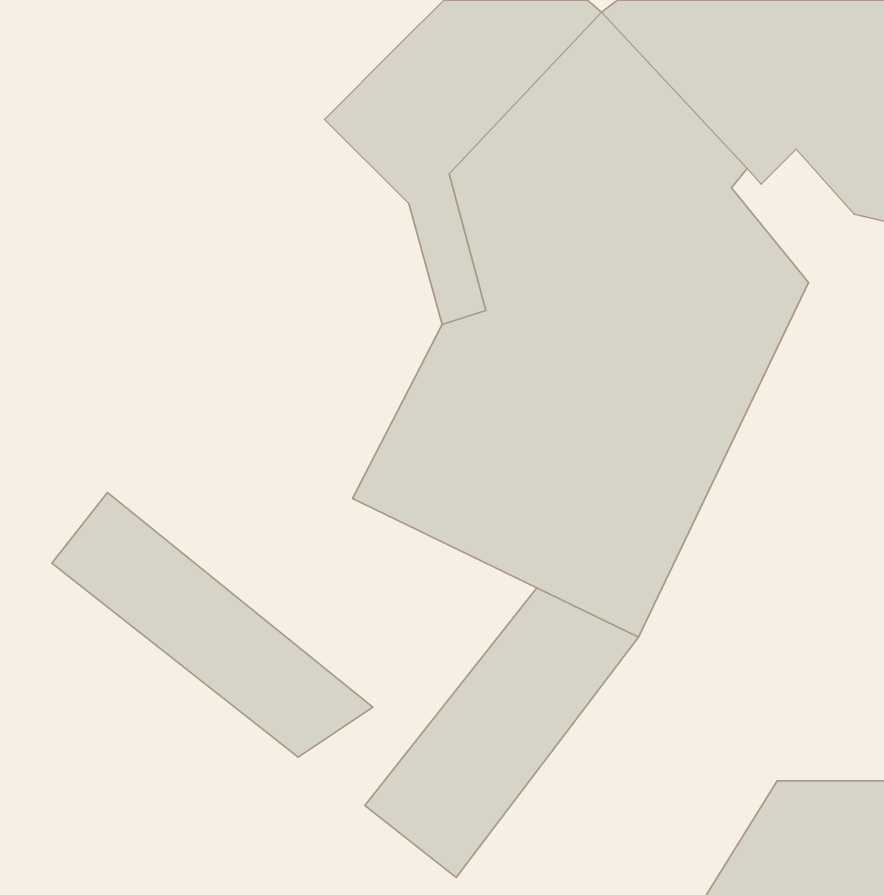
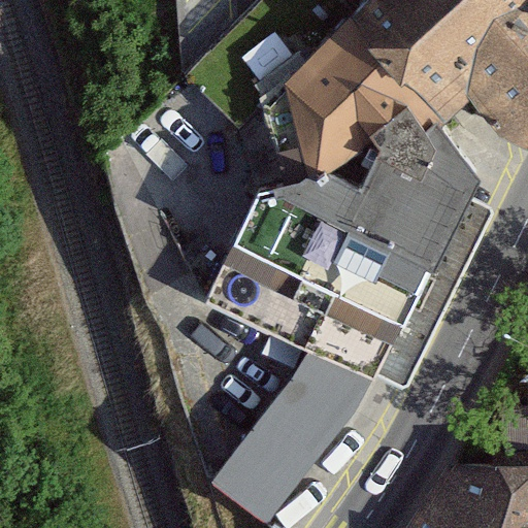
building: [52,493,373,757] -> none

